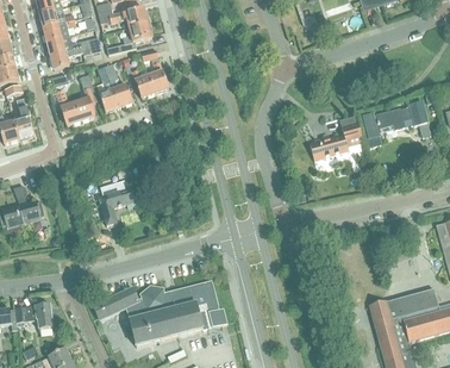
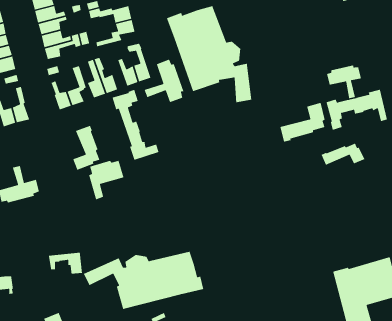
building: none -> [166,5,252,103]
building: none -> [143,59,185,103]
building: none -> [326,65,362,99]
building: none -> [111,89,159,161]
building: none -> [72,125,101,171]
building: none -> [320,142,366,166]
building: [14,302,52,328] -> [48,252,83,274]

